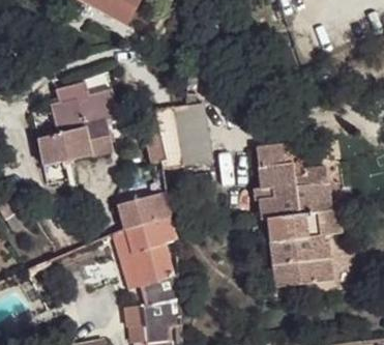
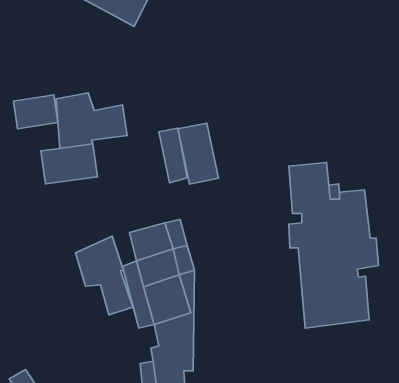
building: none -> [13,95,58,129]
building: none -> [178,123,218,184]
building: [85,119,122,155] -> none
building: none -> [75,236,133,315]

